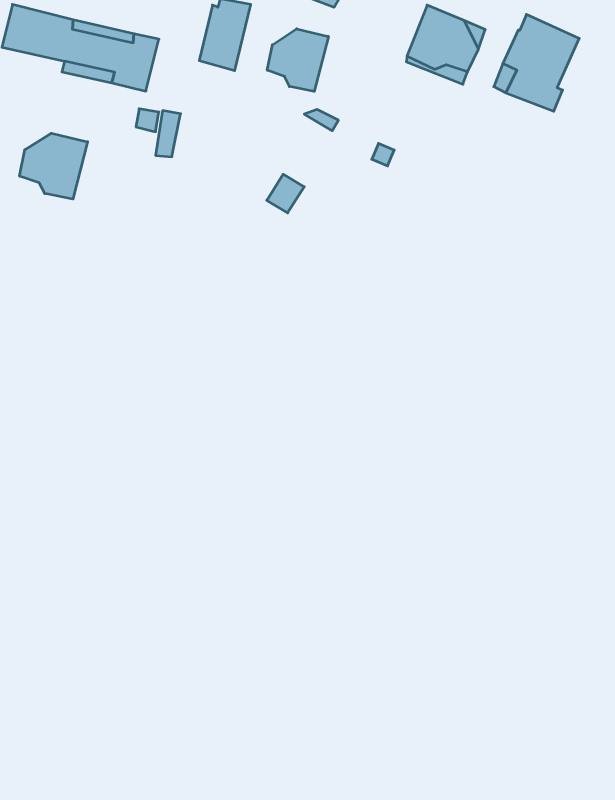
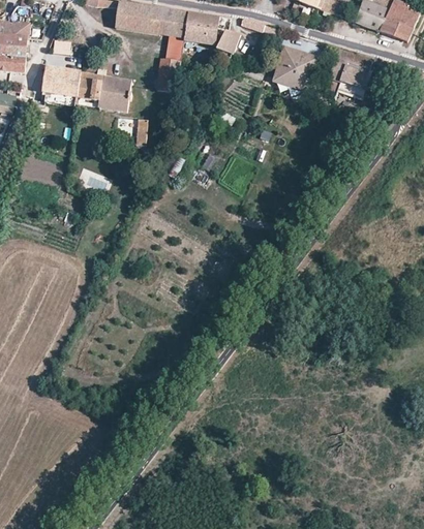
building: [267,29,328,91] -> none
building: [20,133,88,199] -> none

